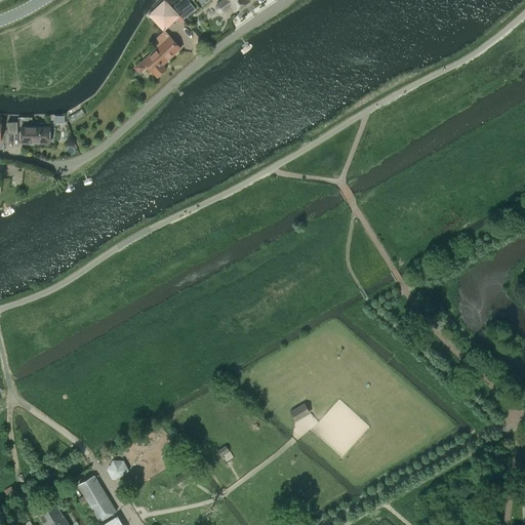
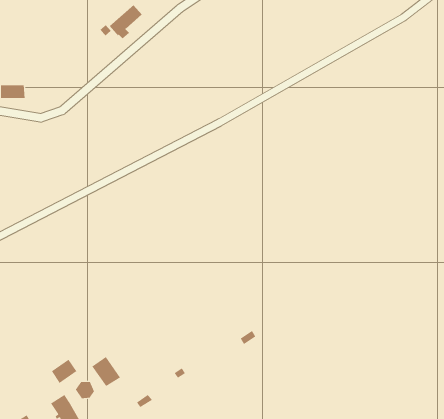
building: none -> [91,356,121,387]
building: none -> [51,359,77,384]

